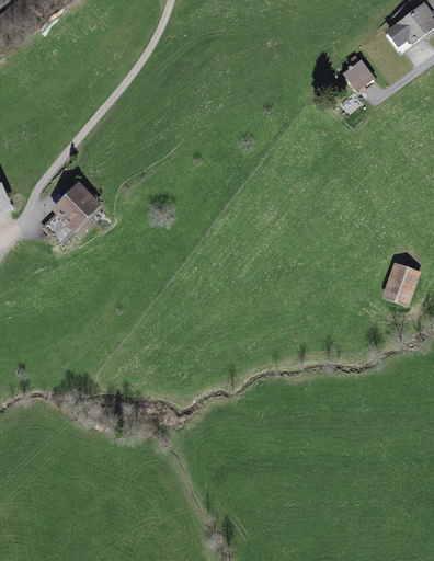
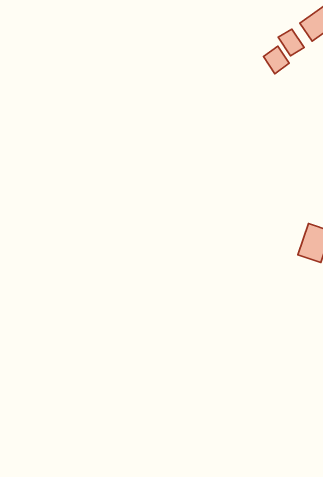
building: none -> [278,29,304,56]
building: [54,182,100,229] -> none

